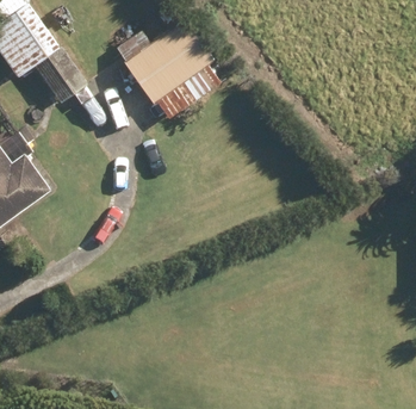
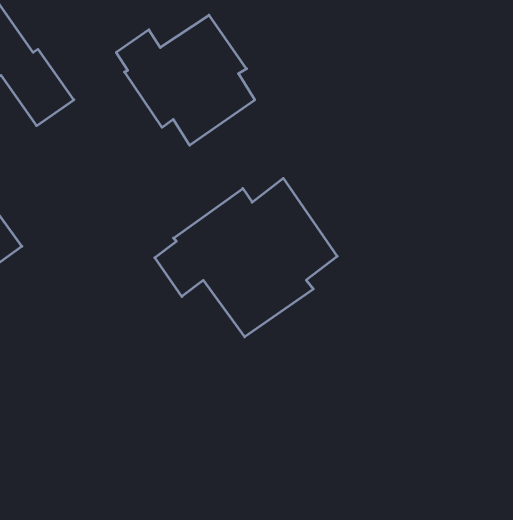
building: none -> [155,178,337,337]

